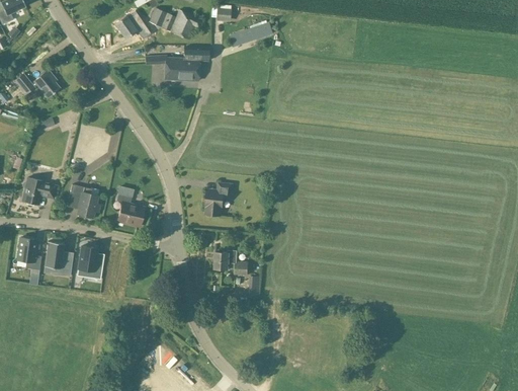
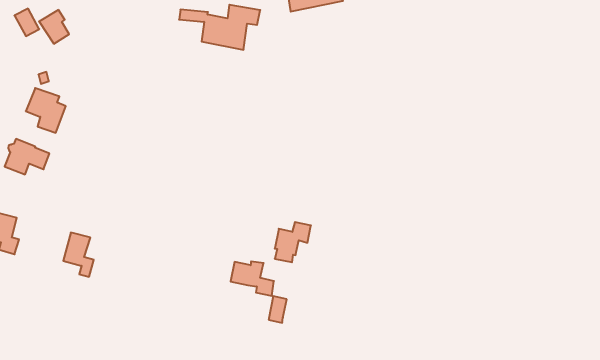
building: [202,183,229,216] -> [275,222,311,262]
building: [67,184,98,218] -> [26,88,66,133]
building: [116,193,145,227] -> none
building: [45,241,66,268] -> none

